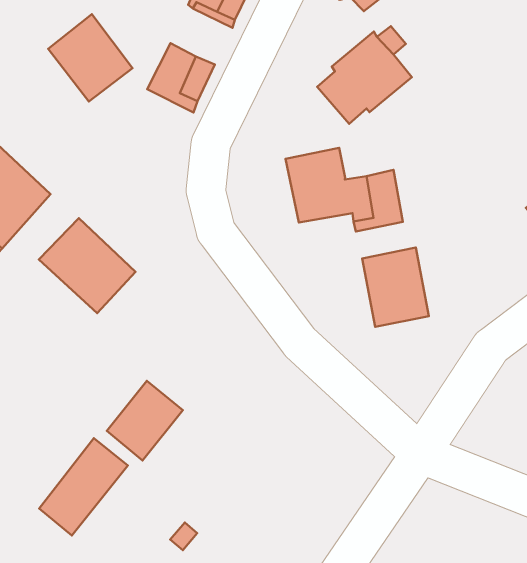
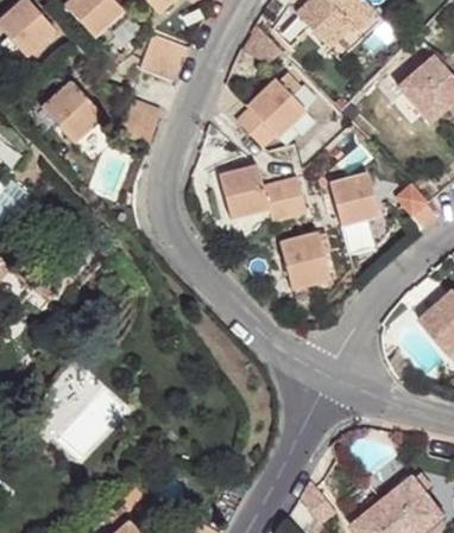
building: none -> [329,173,379,226]
building: [39,218,135,313] -> none
building: [107,381,183,460] -> none

